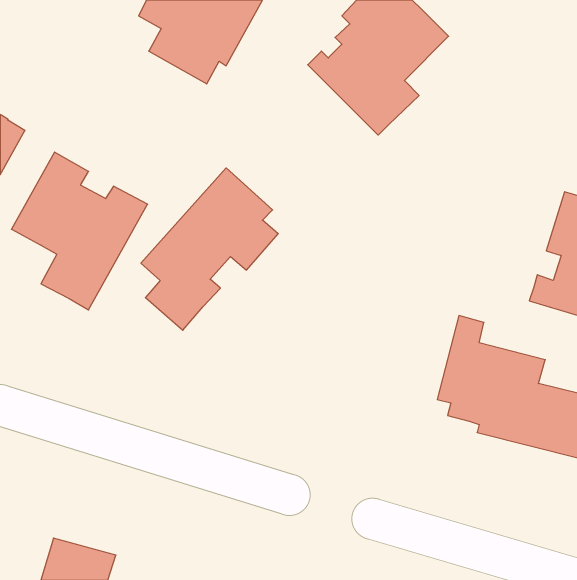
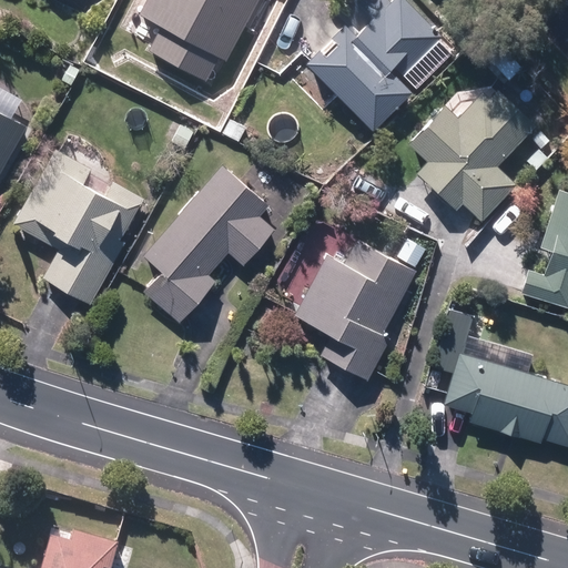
building: none -> [408,89,536,221]
building: none -> [294,239,419,381]

